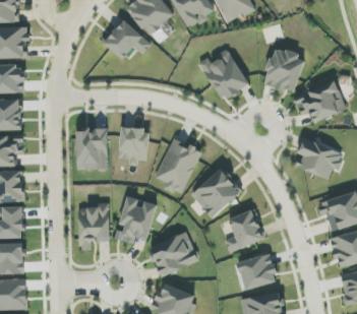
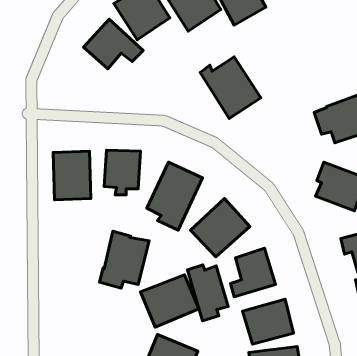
building: [263,47,305,92] -> none
building: [79,204,110,249] -> none
building: none -> [187,265,228,321]

